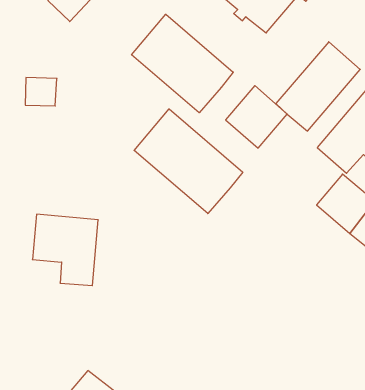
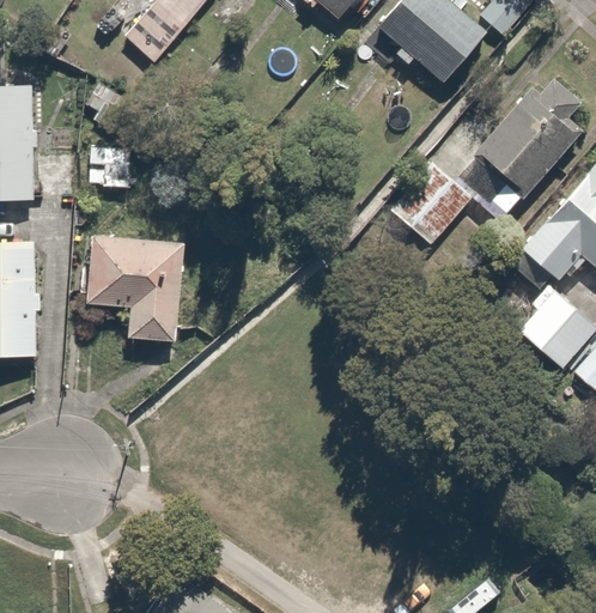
building: [132,14,233,113] -> none
building: [134,109,243,214] -> none
building: [32,214,98,286] -> [85,232,182,338]

